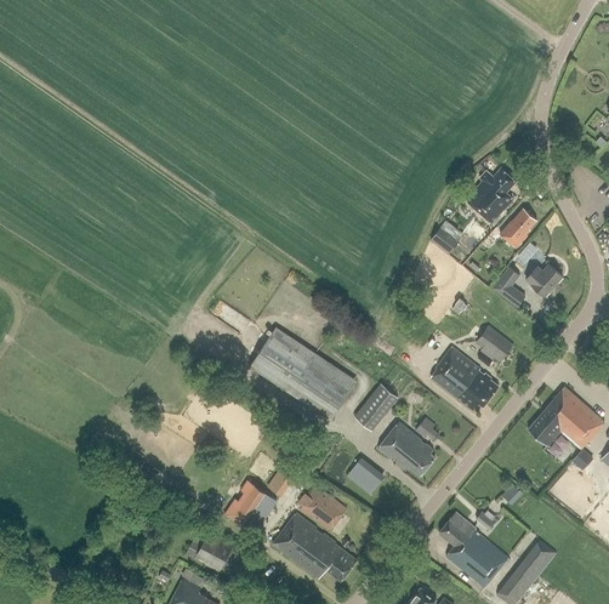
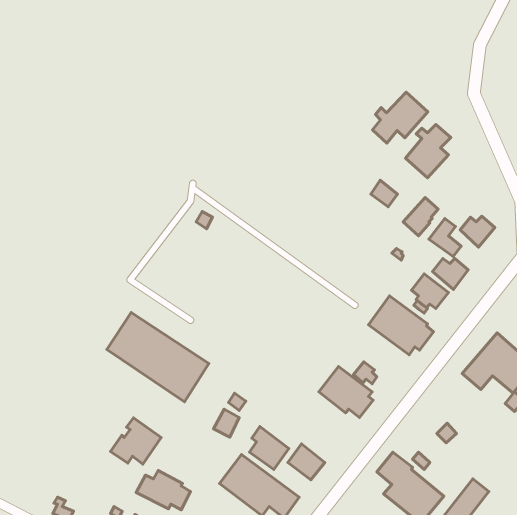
building: none -> [373,92,428,143]
building: [500,209,536,249] -> [403,198,438,236]
building: none -> [433,258,468,289]
building: [250,326,357,420] -> [107,313,209,402]
building: [357,387,395,429] -> none
building: [346,455,385,492] -> [288,444,325,480]
building: [223,480,277,529] -> [110,418,161,464]

